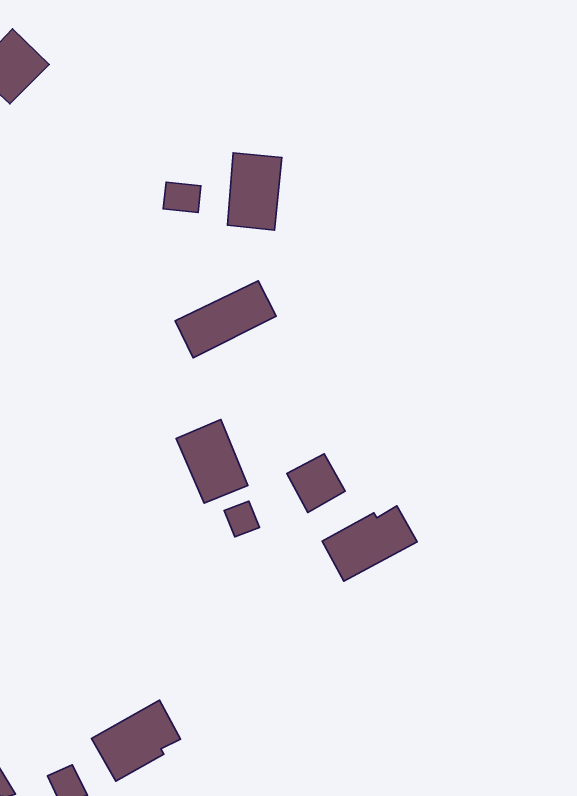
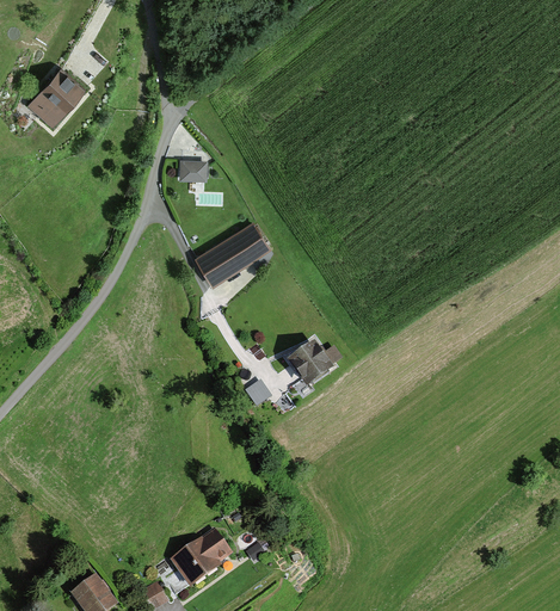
building: [227,153,282,230] -> none
building: [176,420,248,503] -> none
building: [322,506,417,581] -> none

